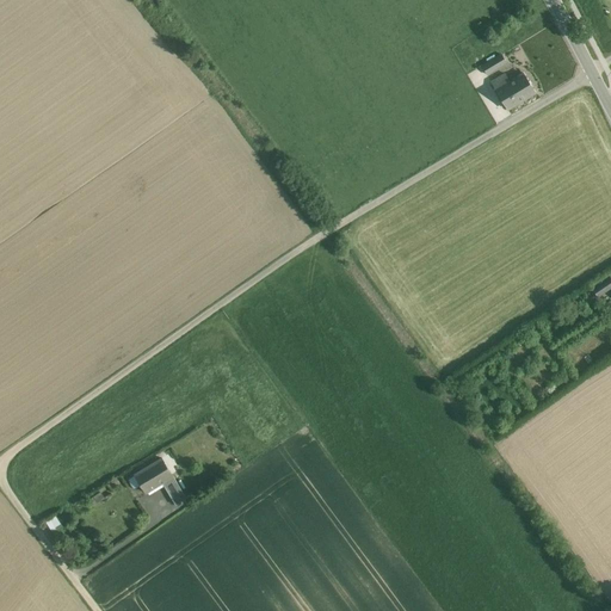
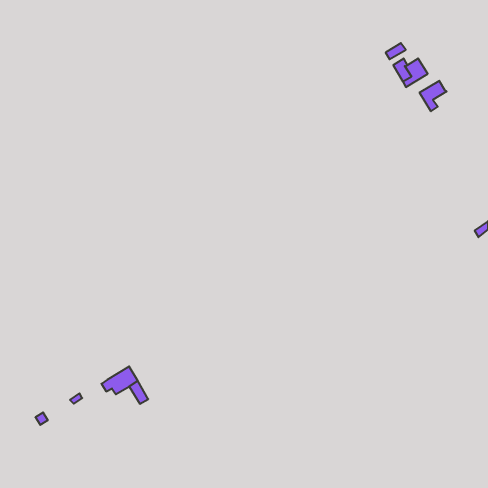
building: none -> [420,81,447,111]

